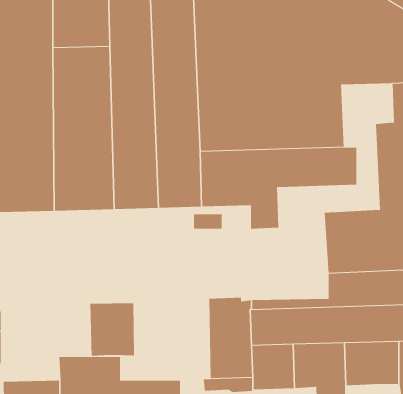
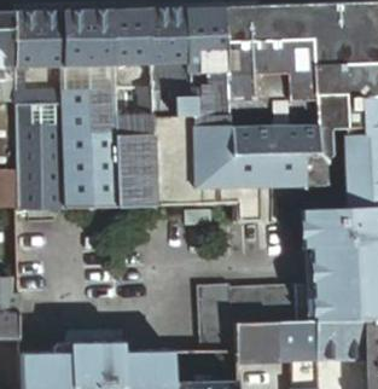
building: none -> [315,97,360,152]
building: [90,303,134,357] -> none

